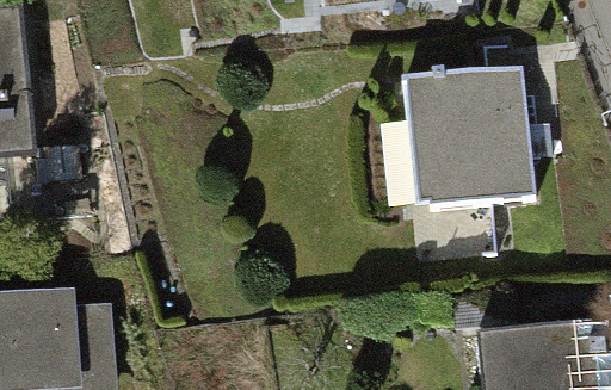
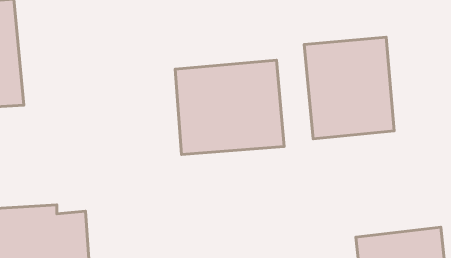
building: none -> [175,60,284,155]

